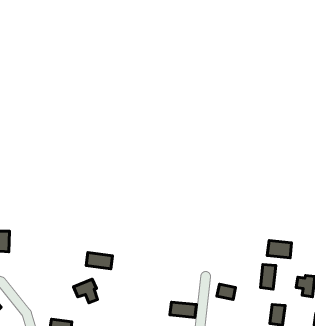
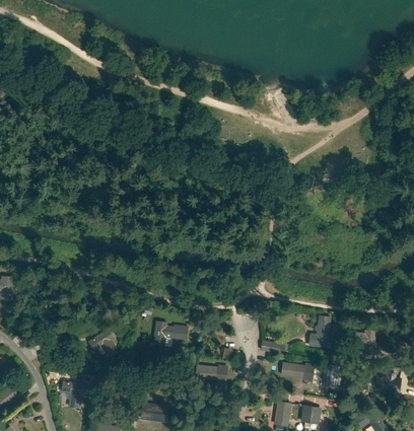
building: [267,241,291,258] -> none
building: [86,253,113,269] -> [159,325,191,344]
building: none -> [282,362,315,382]

